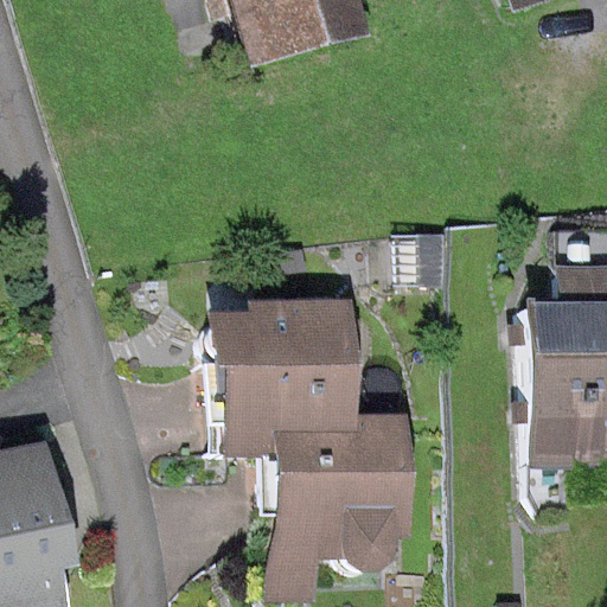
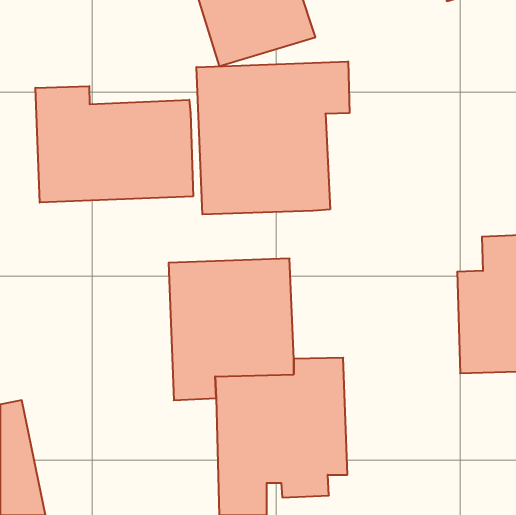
building: none -> [196,61,349,214]
building: none -> [35,86,193,203]

